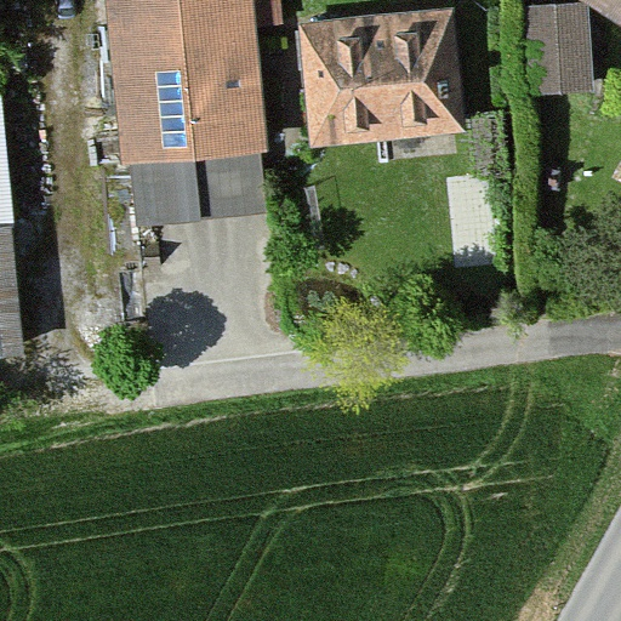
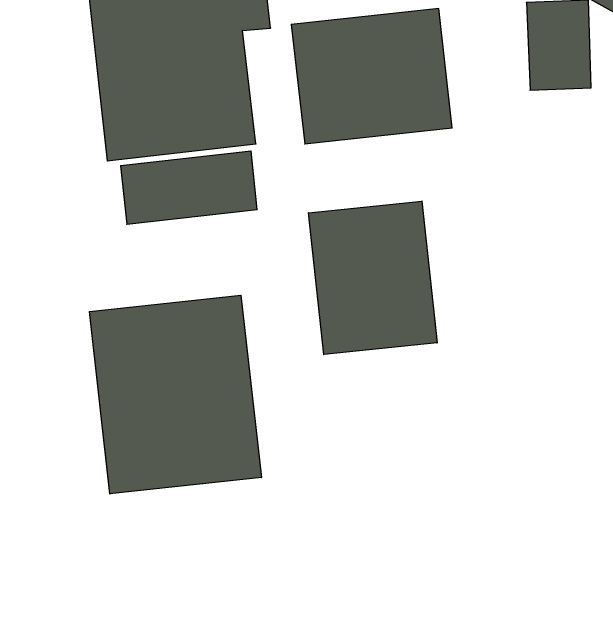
building: none -> [309,201,437,355]
building: none -> [89,295,261,494]

